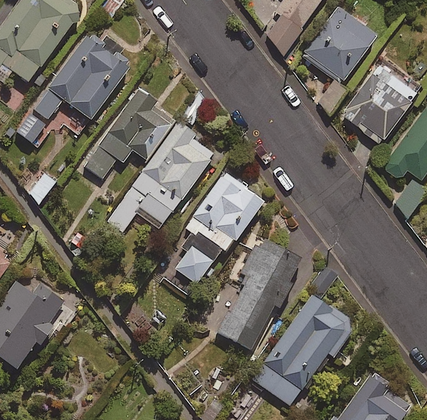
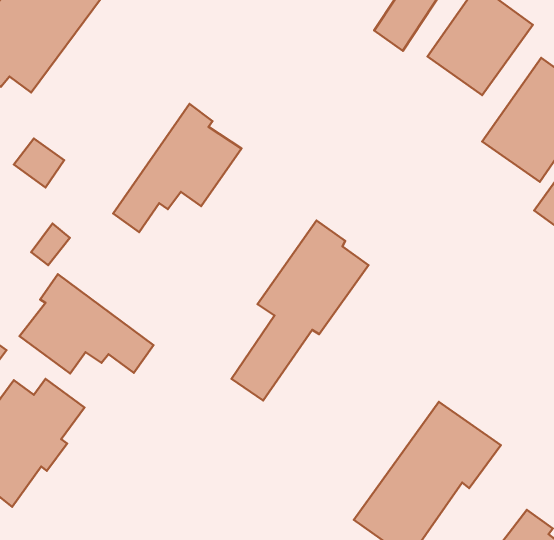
building: [34,33,131,136] -> none
building: [107,122,214,232] -> none
building: none -> [19,274,154,373]
building: [217,237,300,350] -> none

